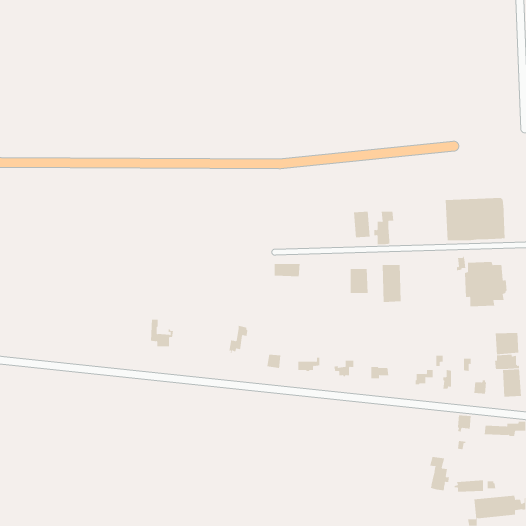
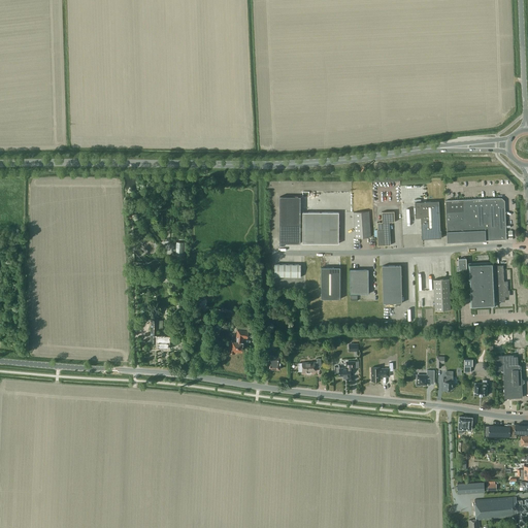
building: none -> [279,196,339,243]
building: none -> [415,201,441,238]
building: none -> [322,267,340,299]
building: none -> [433,278,451,310]
building: [495,332,519,355] -> none
building: [430,456,449,491] -> none

